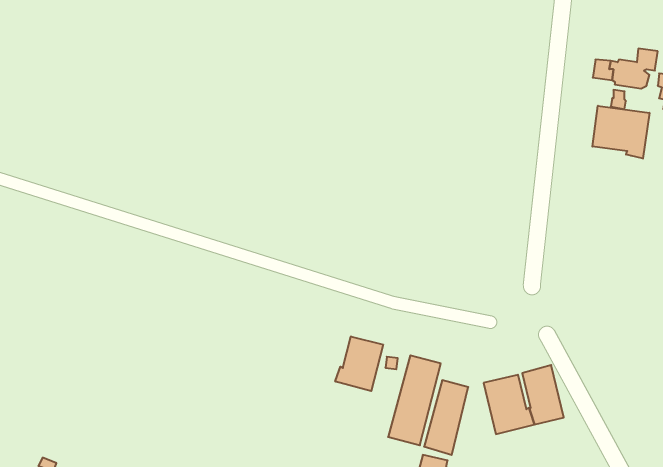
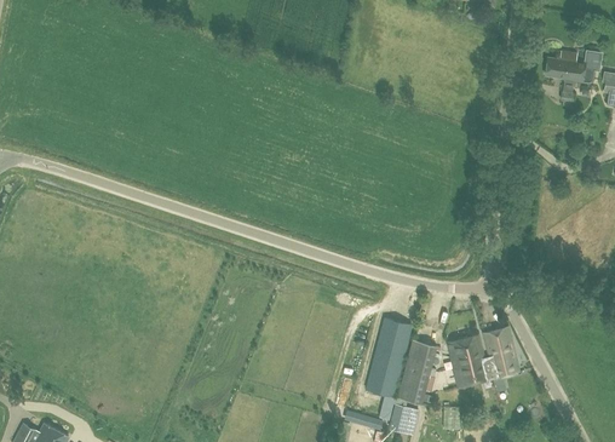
building: [592,106,649,159] -> none
building: [335,336,383,391] -> none

